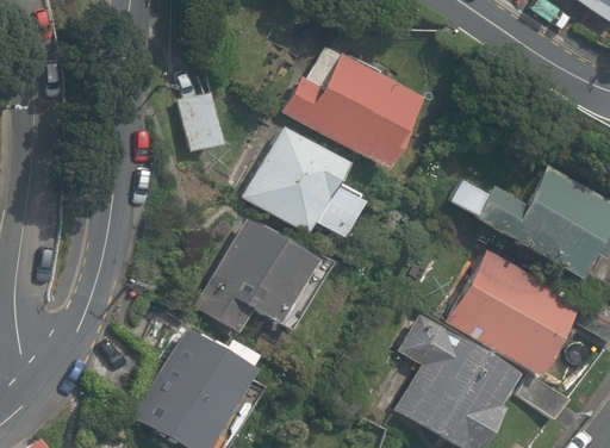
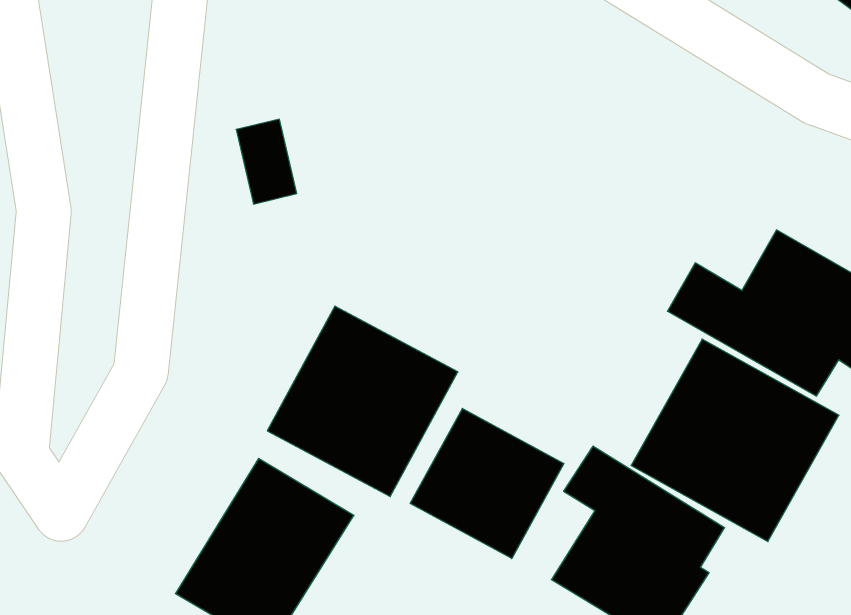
building: [282,42,418,170] -> none
building: [244,124,363,234] -> none
building: none -> [410,408,564,559]

